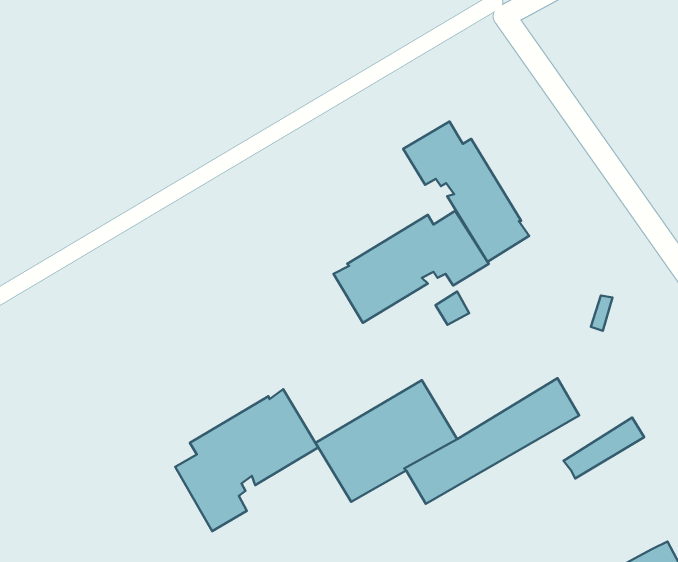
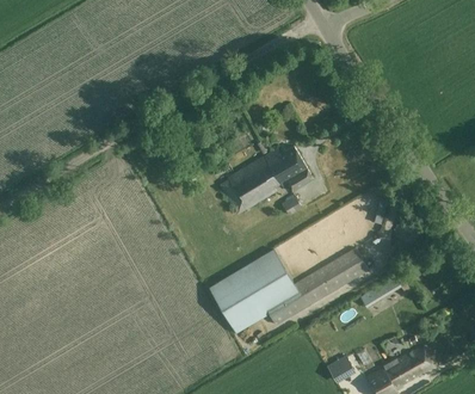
building: [403,122,529,262] -> none
building: [175,389,318,531] -> none

